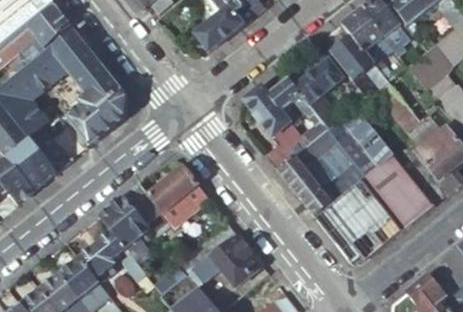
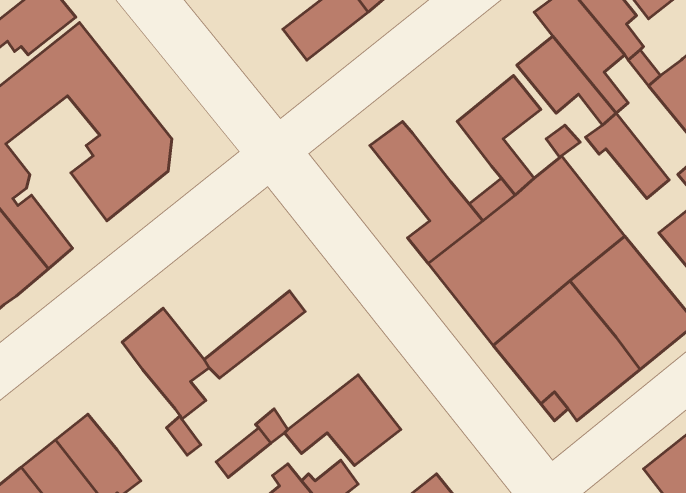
building: [268,78,314,121] -> none
building: [122,166,196,225] -> none
building: [78,231,129,278] -> none

